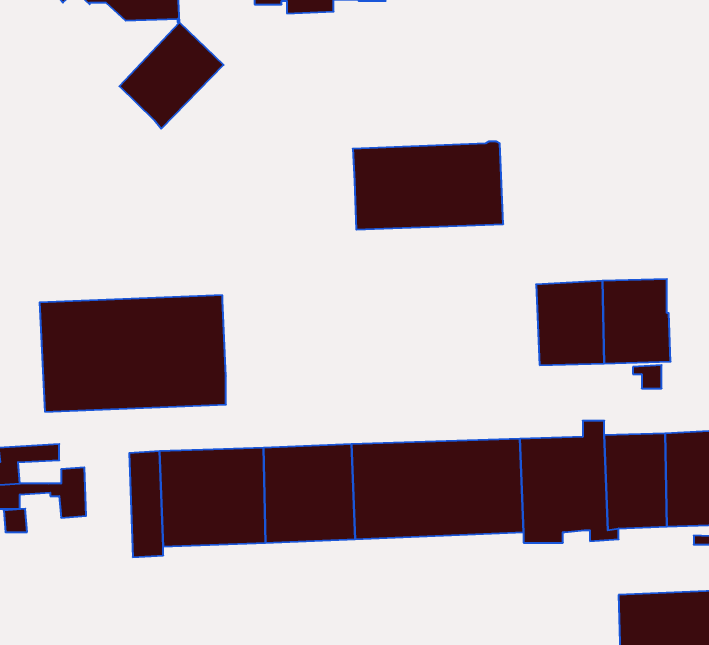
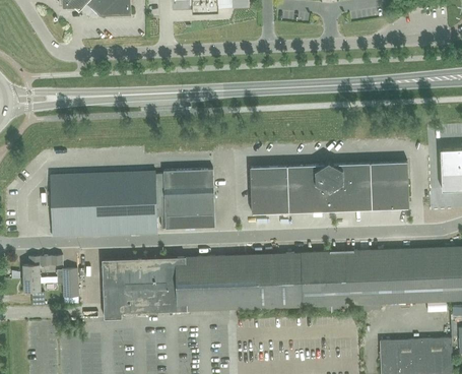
building: [119,22,224,129] -> none
building: [353,142,503,230] -> [249,164,334,213]
building: none -> [154,169,214,229]

